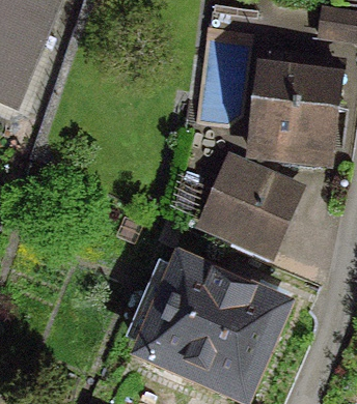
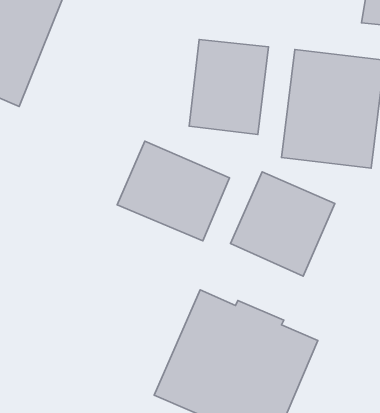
building: none -> [189,40,269,135]
building: none -> [117,141,229,241]

